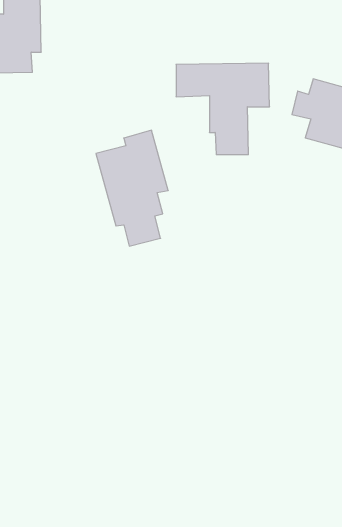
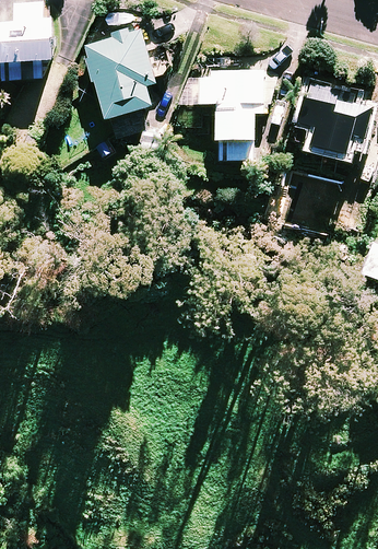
building: [96,130,168,246] -> [83,23,154,137]

